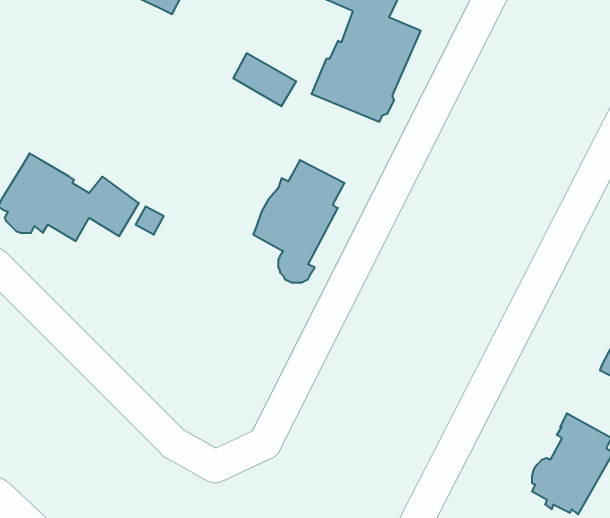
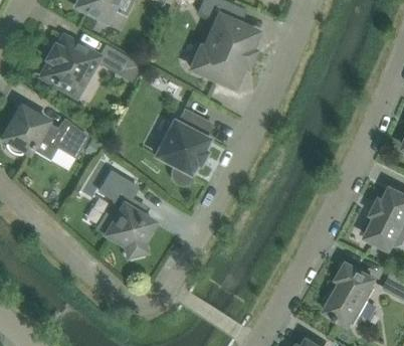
building: none -> [40,35,98,96]
building: [233,53,296,106] -> [100,47,139,79]
building: none -> [95,171,153,255]

